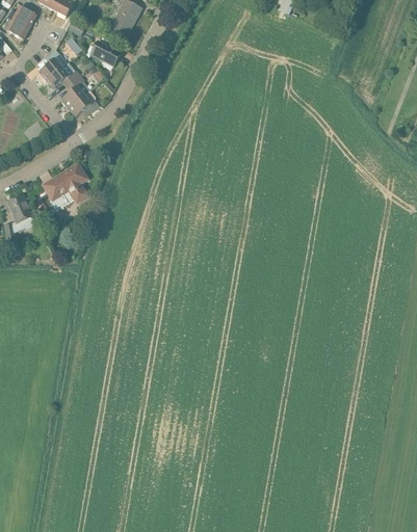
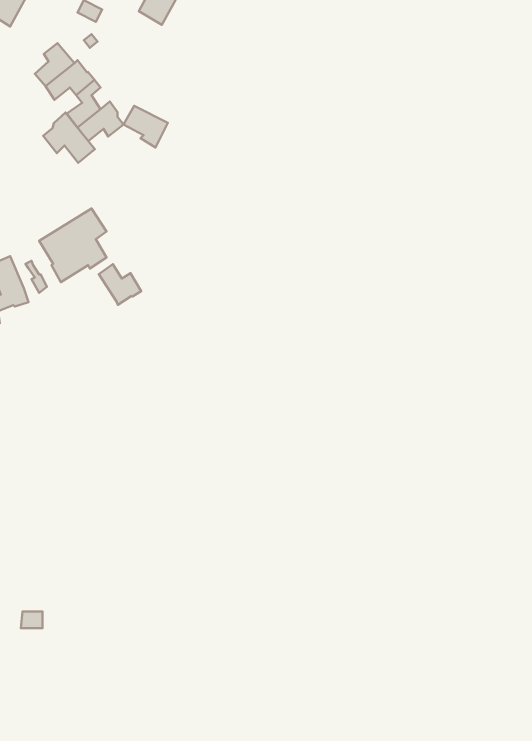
building: [89,41,120,69] -> [124,106,168,147]
building: none -> [43,112,95,163]
building: none -> [99,264,141,305]

